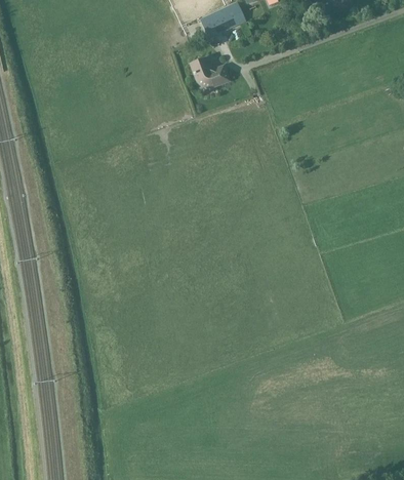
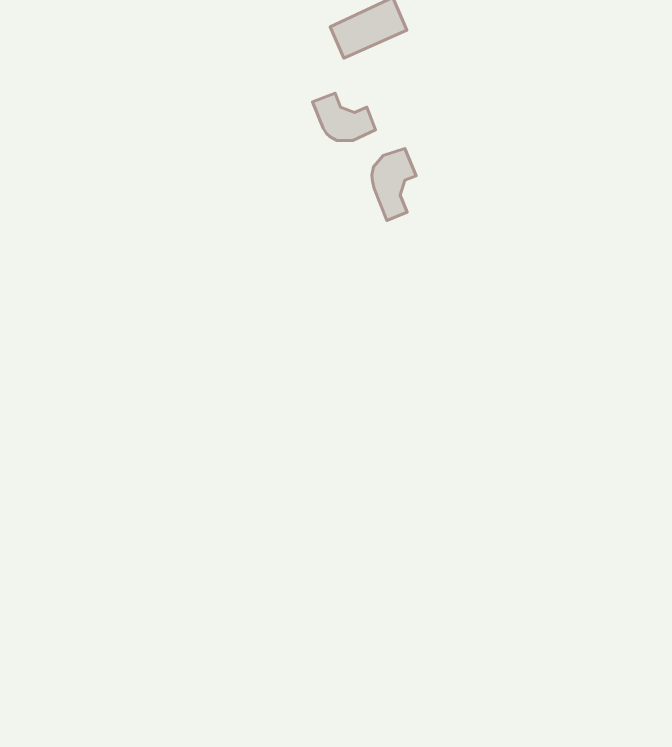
building: none -> [372,148,416,221]

